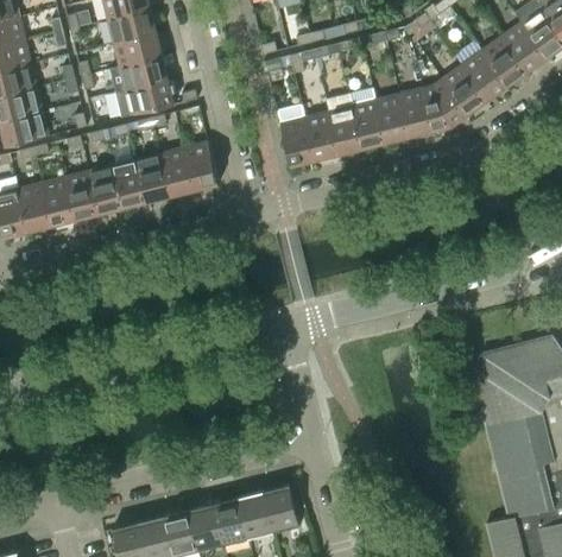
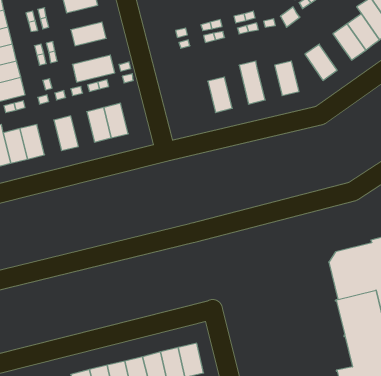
building: [107,10,157,44] -> none
building: [455,40,507,101] -> none
building: [119,56,169,90] -> none
building: [423,78,467,131] -> none
building: [326,94,362,154] -> none
building: [375,94,410,143] -> none
building: [277,105,316,166] -> none
building: [183,141,219,190] -> none
building: [113,159,146,208] -> none
building: [65,171,100,220] -> none

